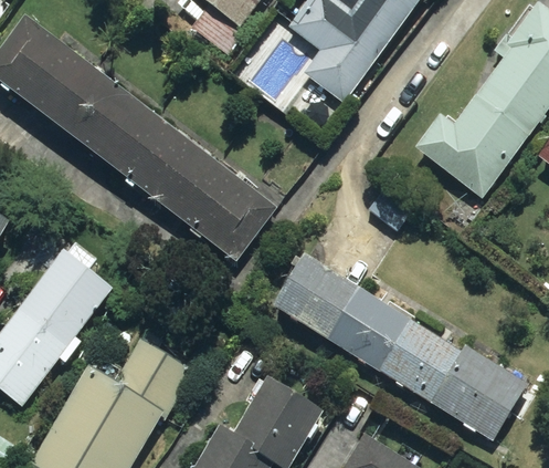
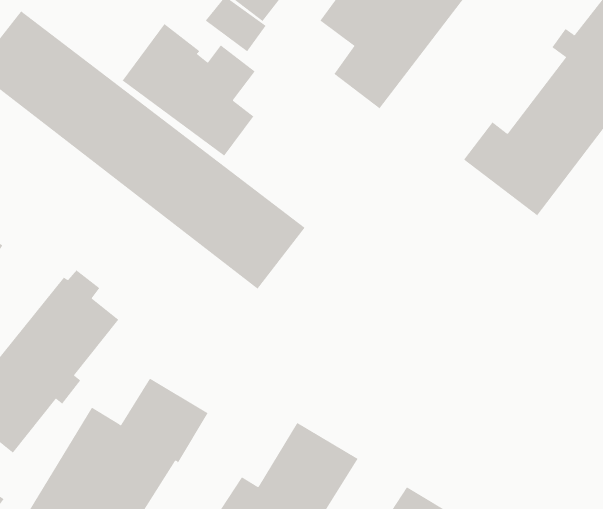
building: none -> [122,23,255,156]
building: [275,254,527,439] -> none

